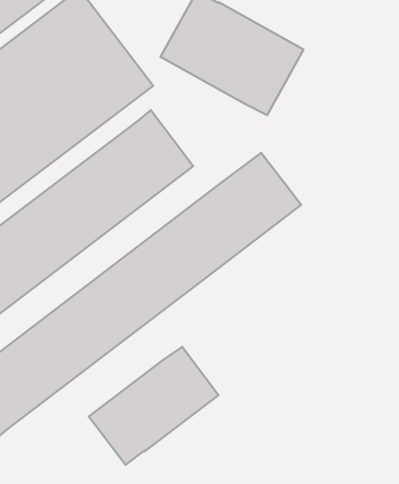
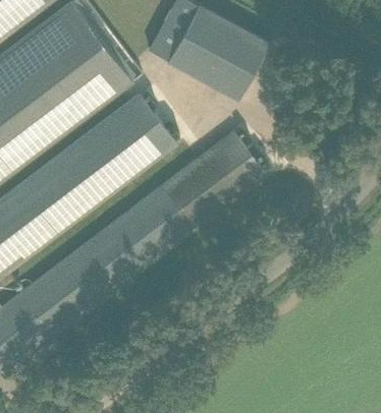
building: [89,347,219,465] -> none

